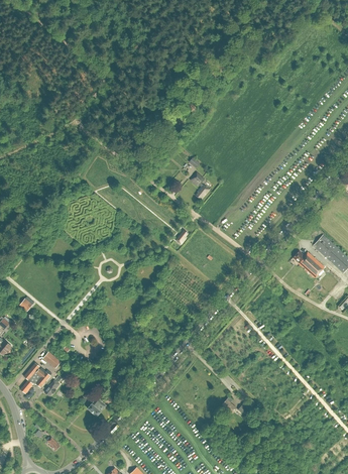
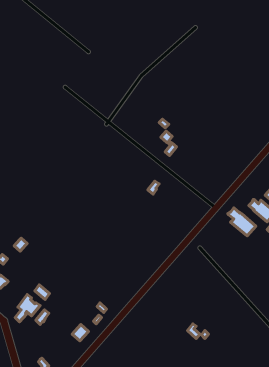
building: none -> [228,208,256,236]

